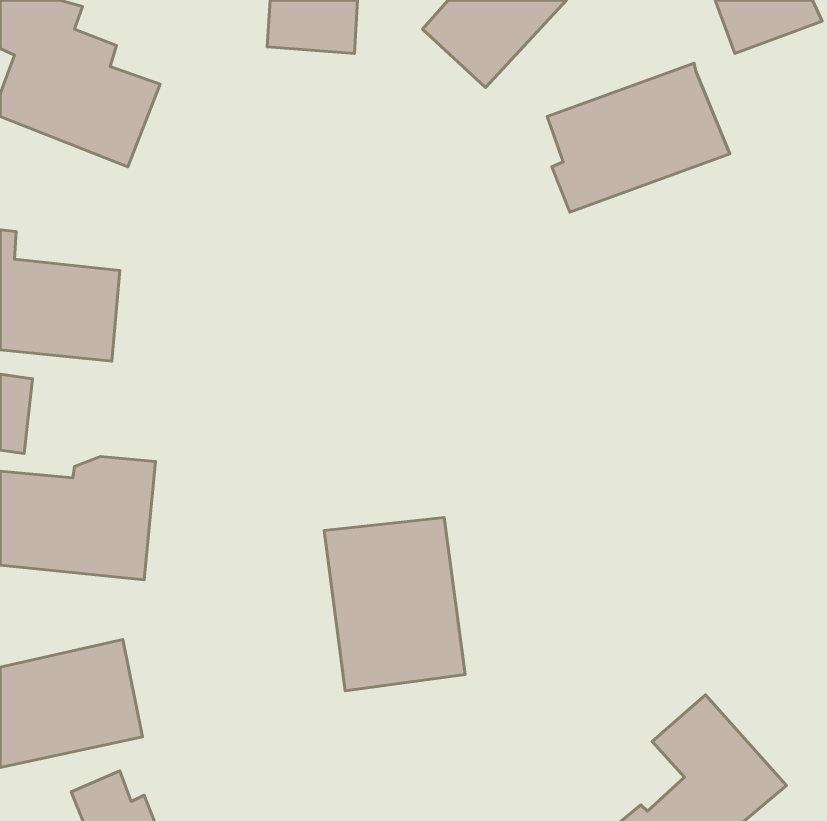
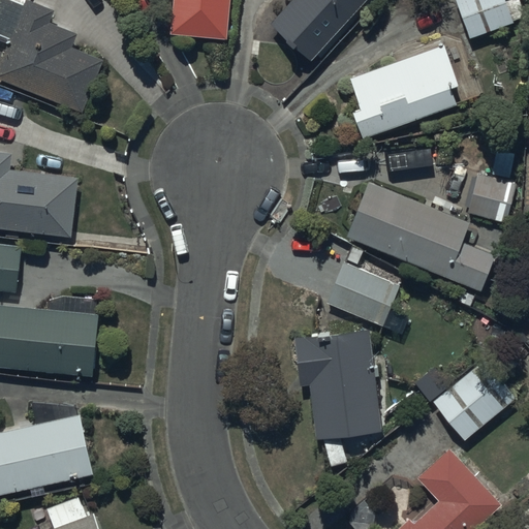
building: none -> [468,176,516,223]
building: none -> [346,181,495,289]
building: none -> [325,261,400,328]
building: [324,518,465,691] -> [292,328,382,438]
building: none -> [433,345,518,440]

